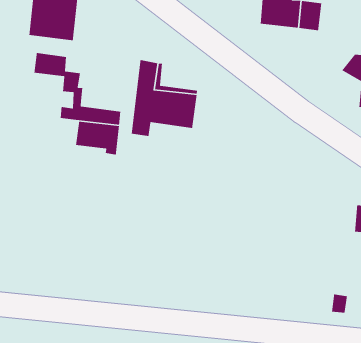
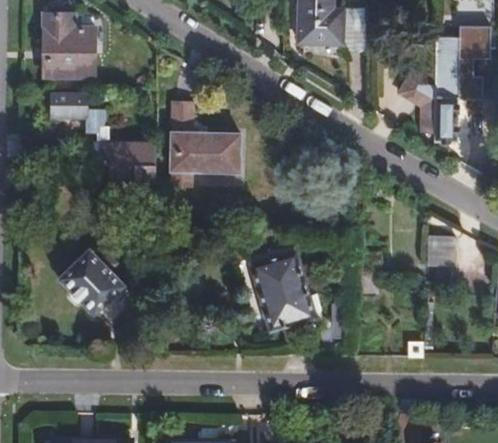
building: none -> [61,256,133,325]
building: none -> [247,253,317,334]

